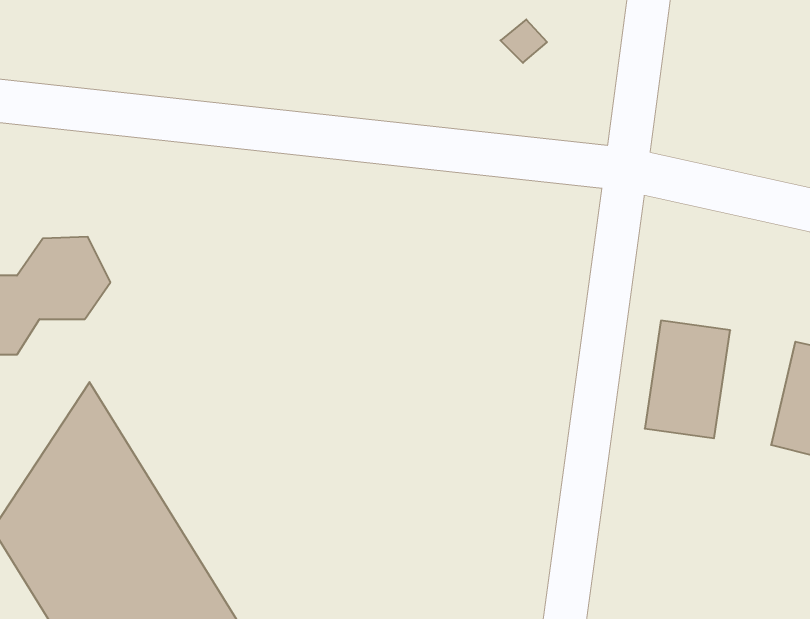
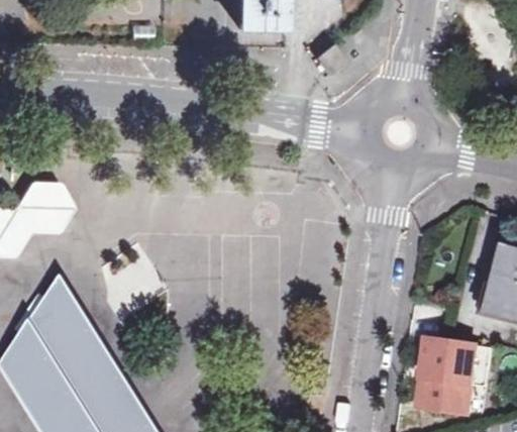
building: [645,321,730,438] -> [415,340,469,414]

